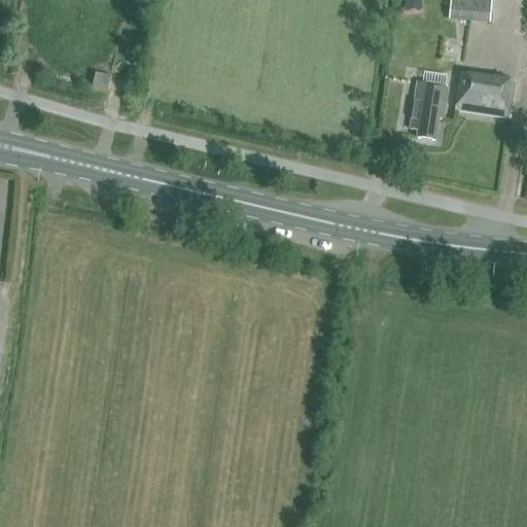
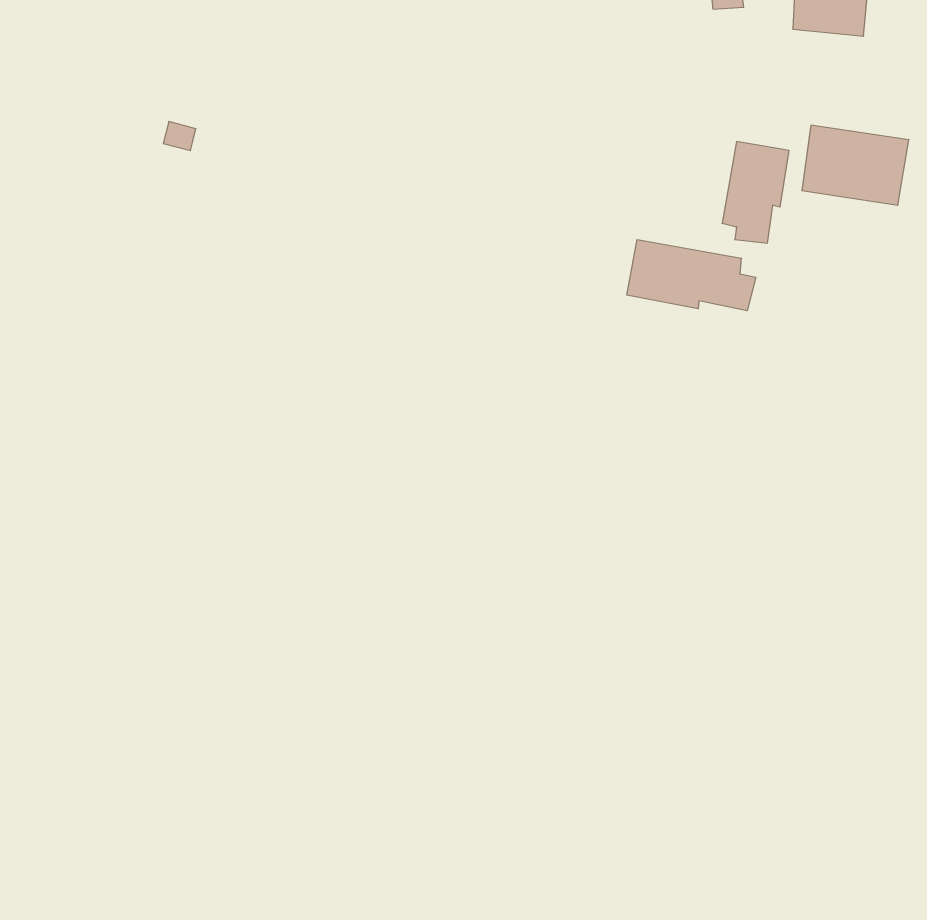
building: none -> [627,240,756,311]

